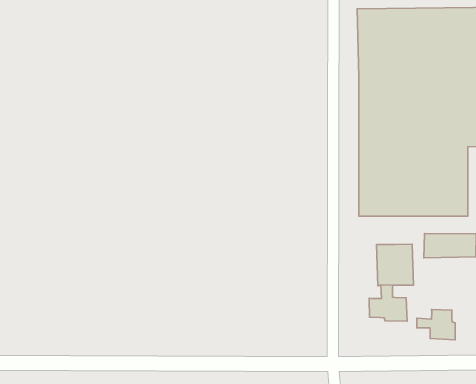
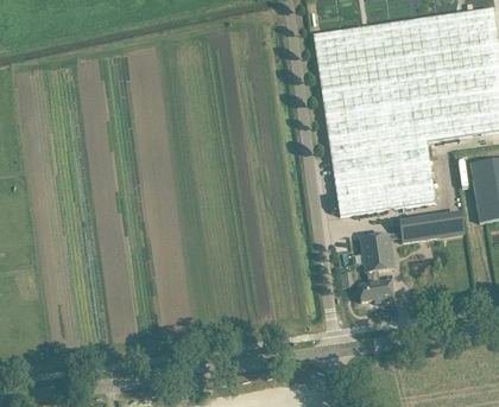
building: [417,310,455,340] -> none

